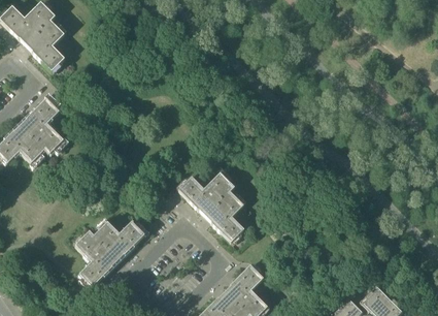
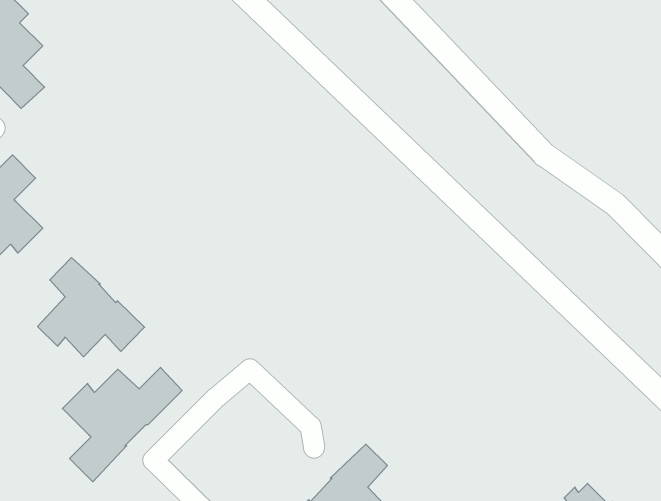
building: none -> [38,258,145,357]
building: [178,171,244,242] -> none

